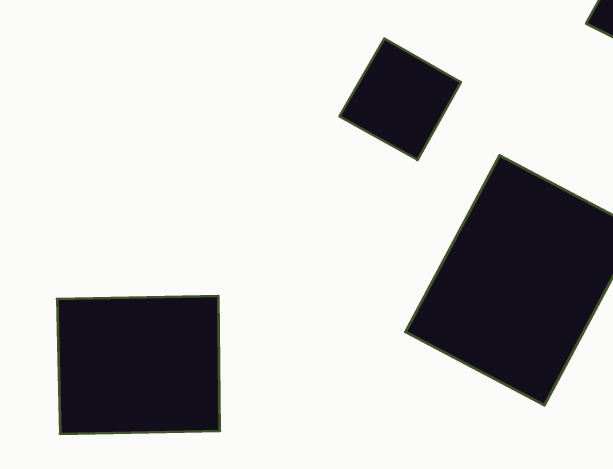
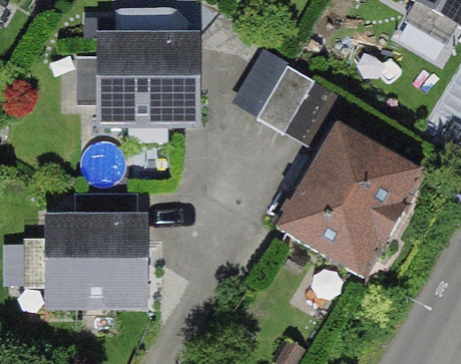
building: none -> [87,30,198,122]

